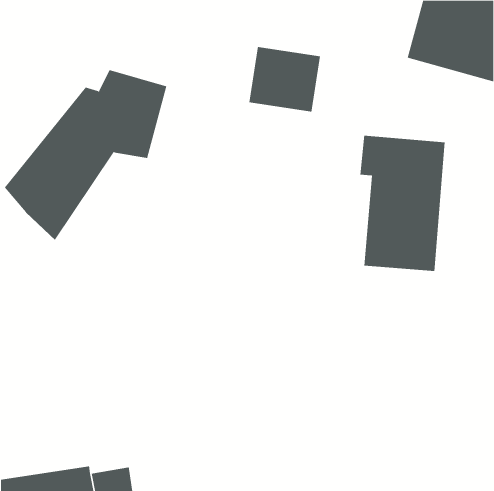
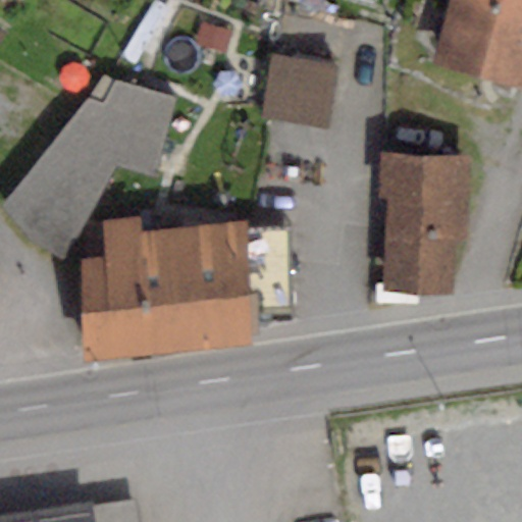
building: none -> [81,222,255,361]

